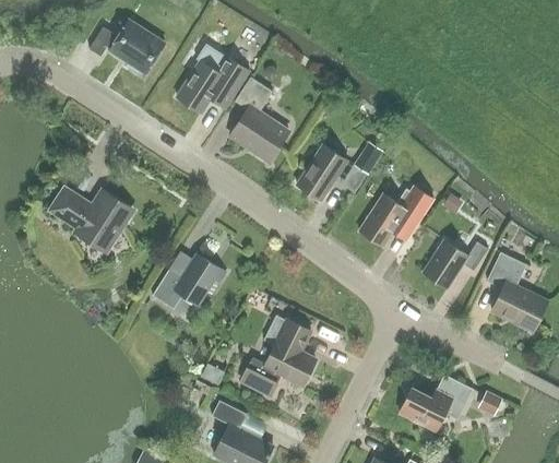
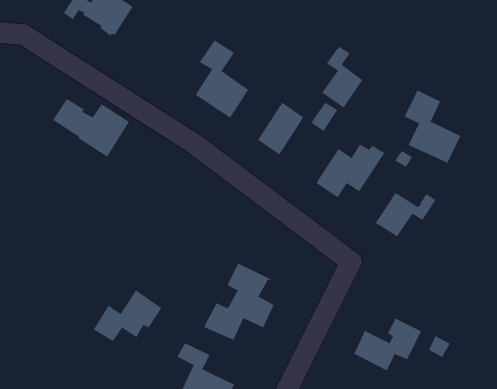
building: [177,57,249,112] -> none
building: none -> [321,46,363,109]
building: [49,187,132,250] -> [52,98,130,158]
building: [487,252,548,331] -> [404,90,461,163]
building: [152,253,226,309] -> [93,290,162,342]

